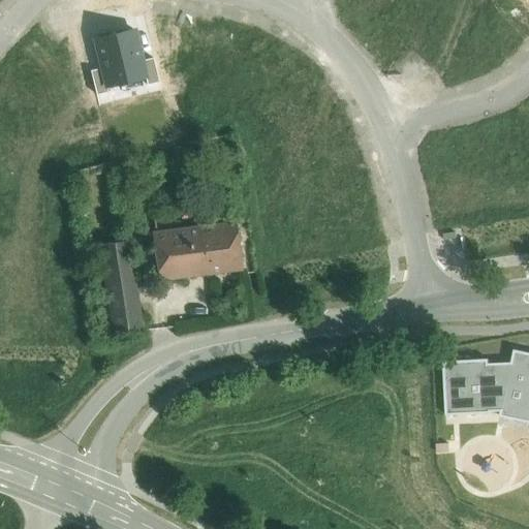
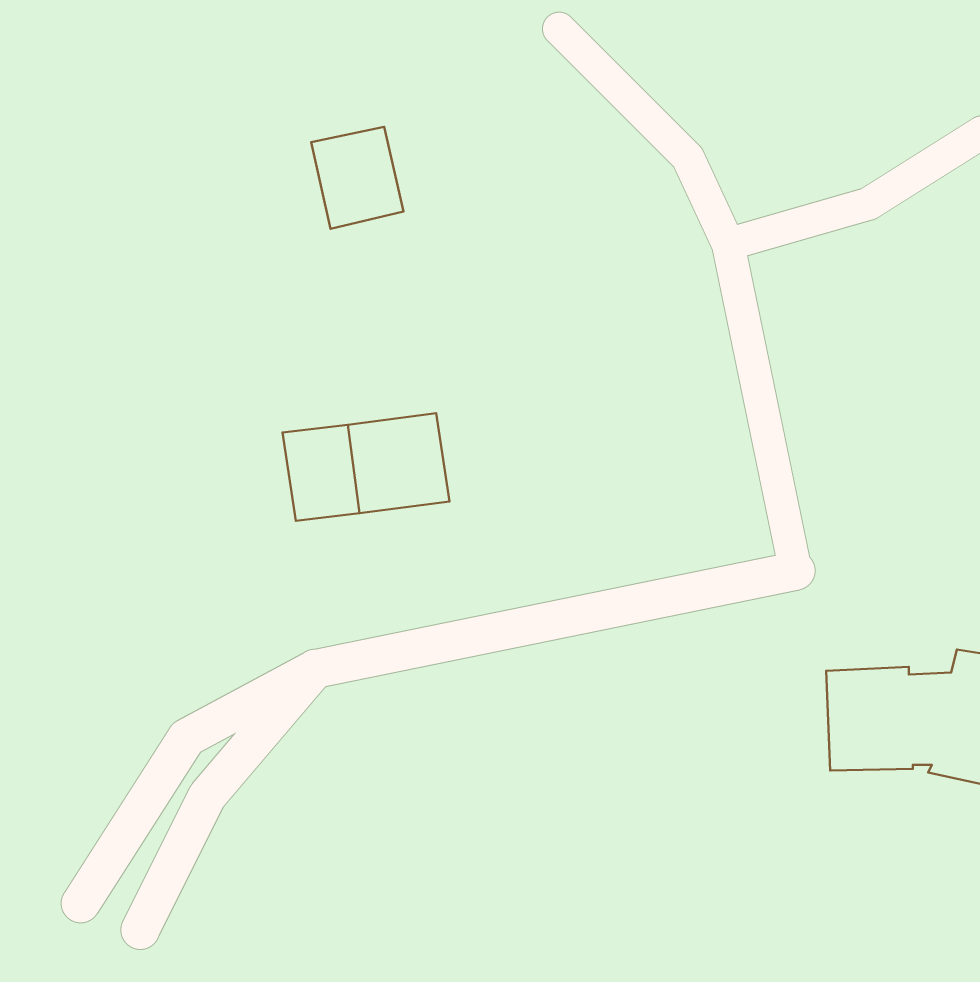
building: [96,31,146,86] -> [311,127,403,229]
building: [99,241,143,333] -> none

